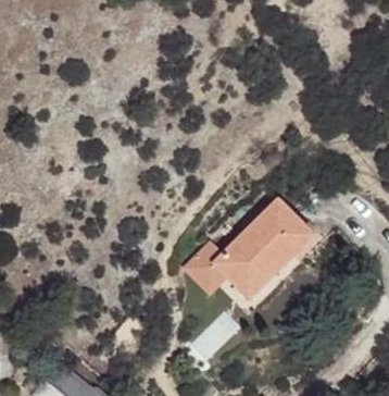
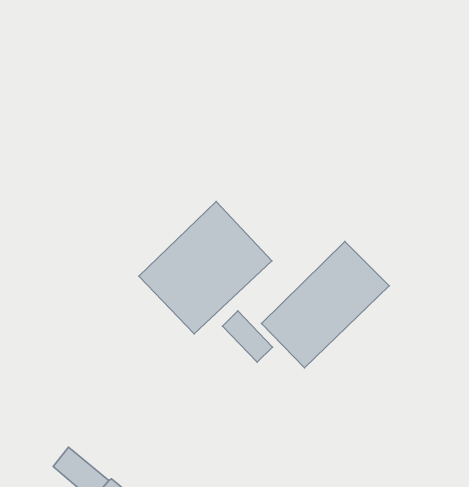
building: none -> [139,202,272,334]

